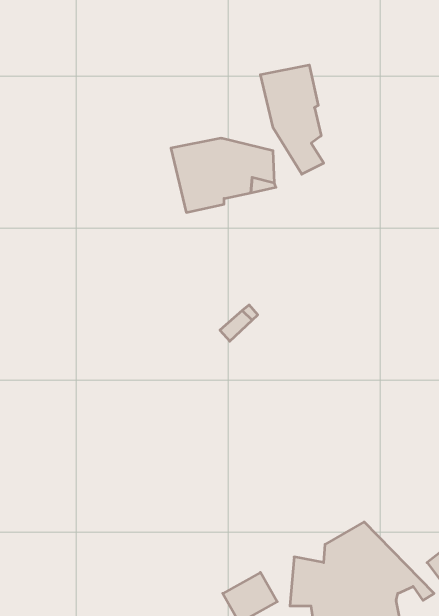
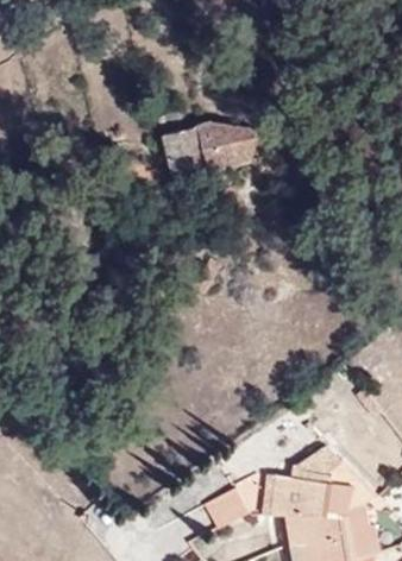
building: [260,65,324,174] -> none

